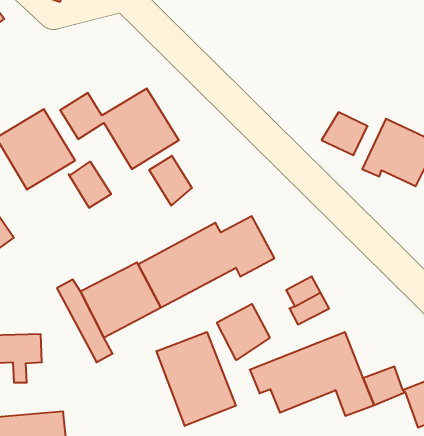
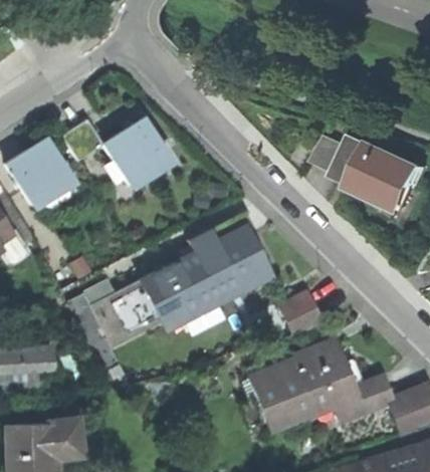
building: [149,156,192,206] -> none
building: [69,162,111,208] -> none
building: [217,304,270,360] -> none
building: [156,332,236,426] -> none

